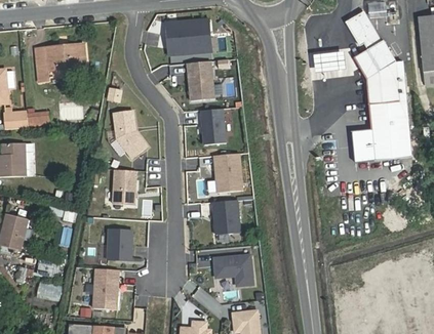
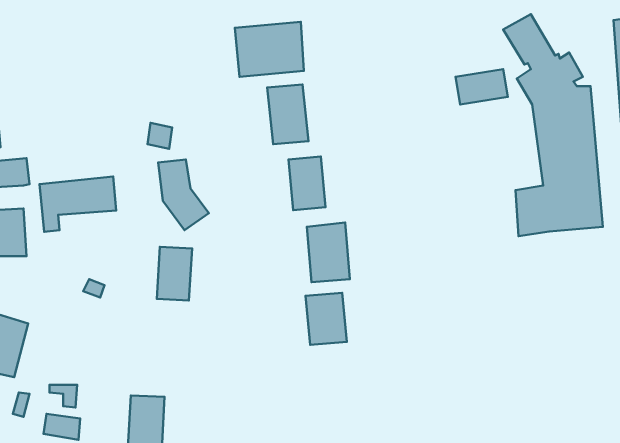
building: [35,44,86,81] -> [40,177,116,232]
building: [107,228,132,260] -> none
building: [213,253,254,287] -> none

